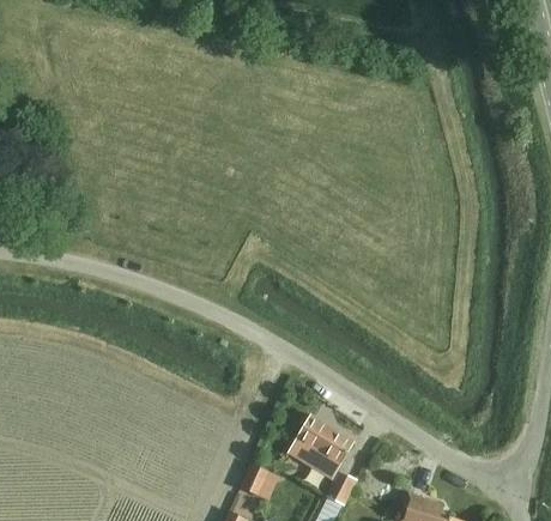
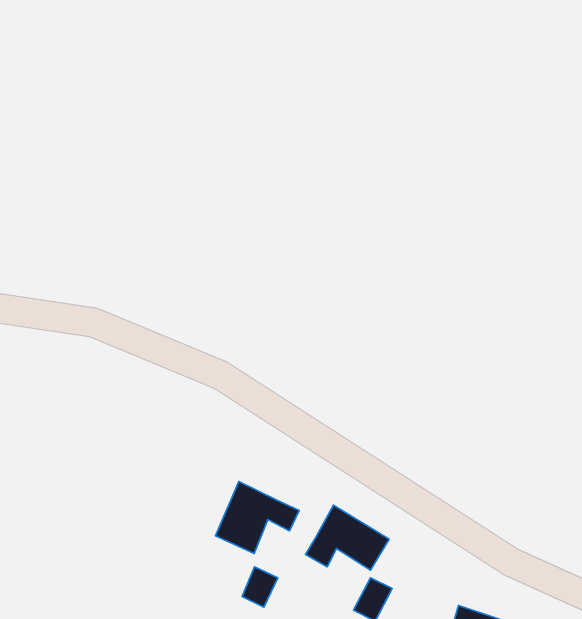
building: none -> [215,482,299,554]

